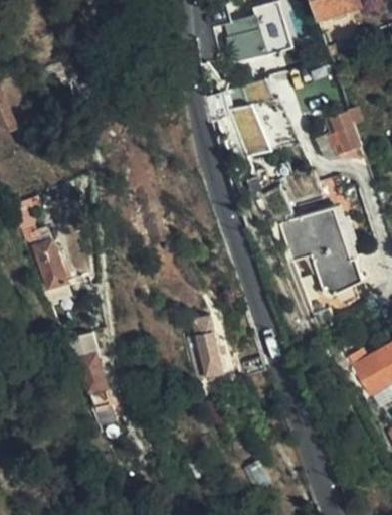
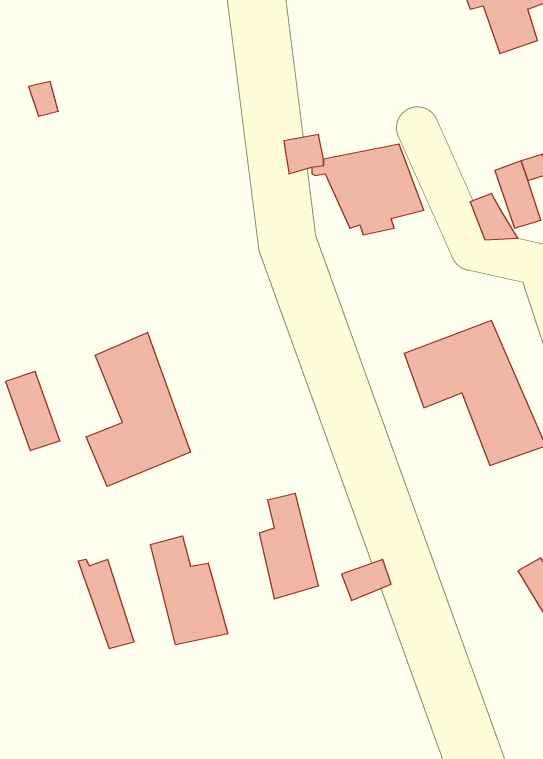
building: [226,16,291,58] -> none
building: none -> [86,332,190,486]
building: none -> [150,536,228,645]

